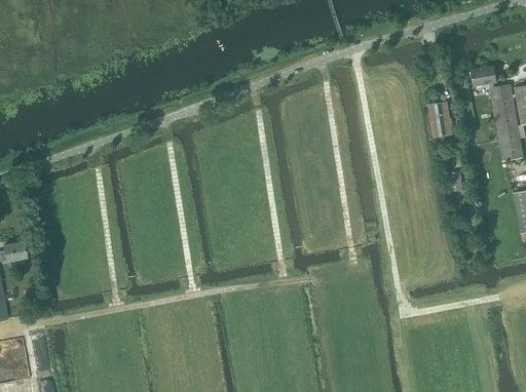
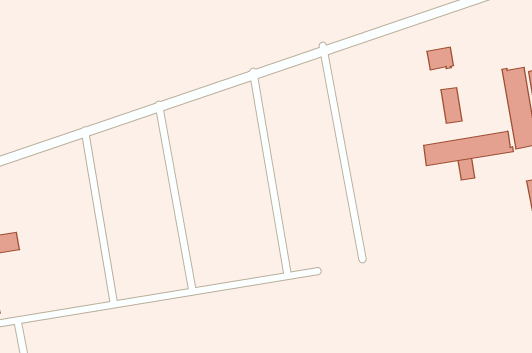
building: [471,65,496,86] -> [427,47,454,70]
building: none -> [424,131,513,166]

